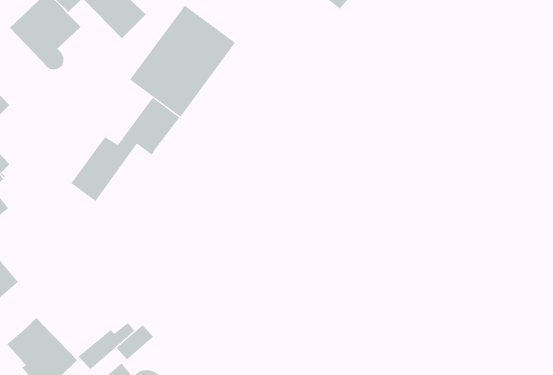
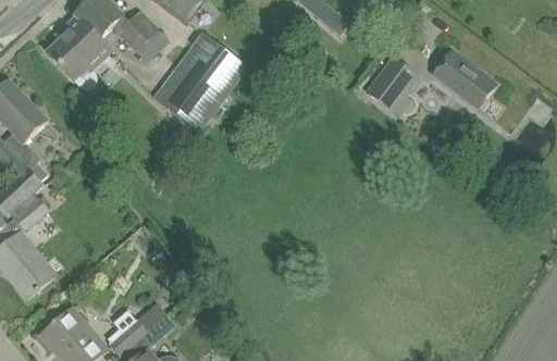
building: none -> [431,47,497,110]
building: none -> [366,54,420,115]
building: [70,97,180,202] -> none

